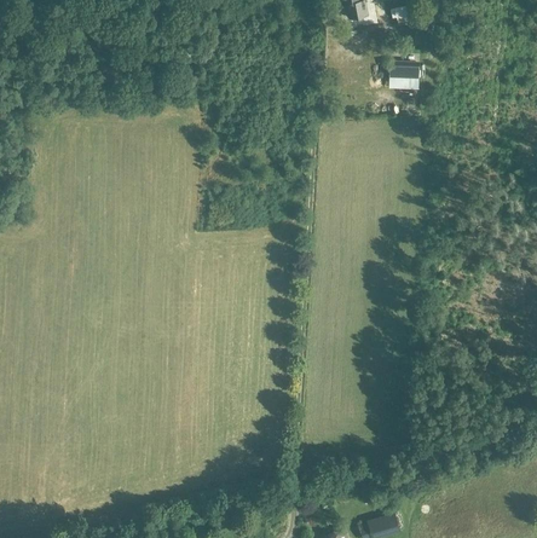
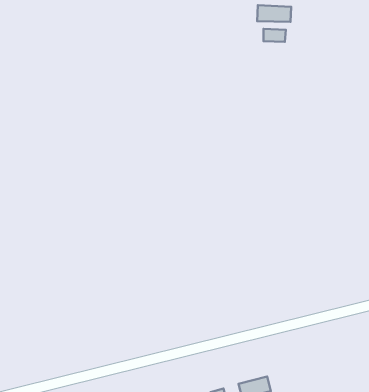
building: none -> [257,5,291,22]

